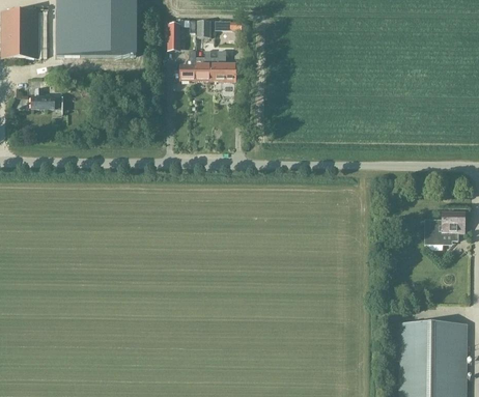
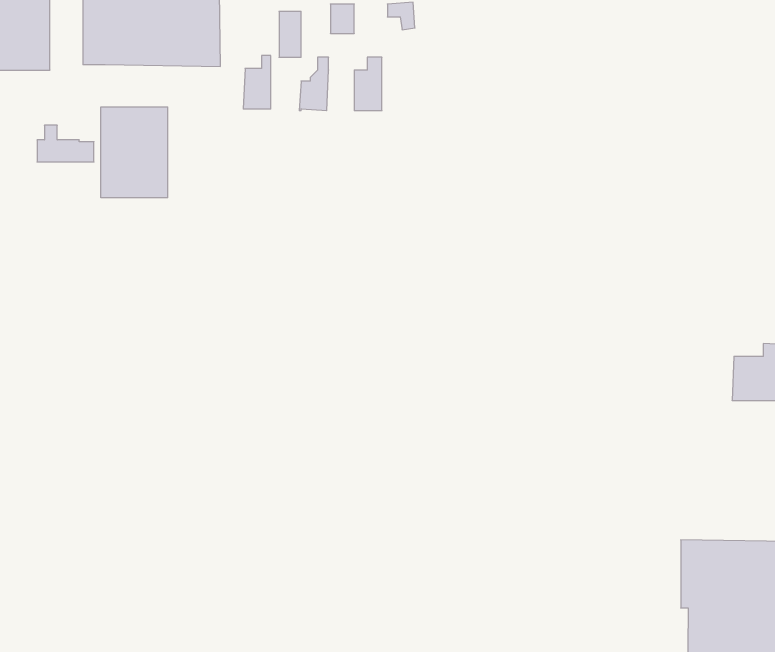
building: [196,49,212,79] -> [243,56,271,109]
building: none -> [101,107,168,198]

